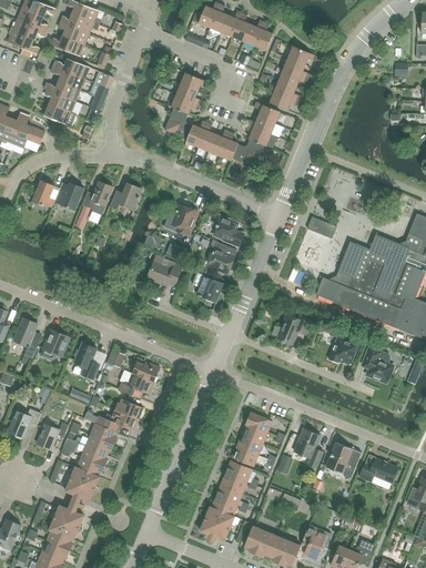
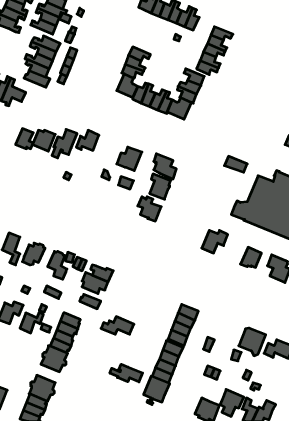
building: [148,255,181,284] -> none
building: [95,407,139,430] -> [101,317,134,334]
building: [294,428,322,467] -> none
building: none -> [110,364,143,382]
building: [244,525,276,556] -> none

